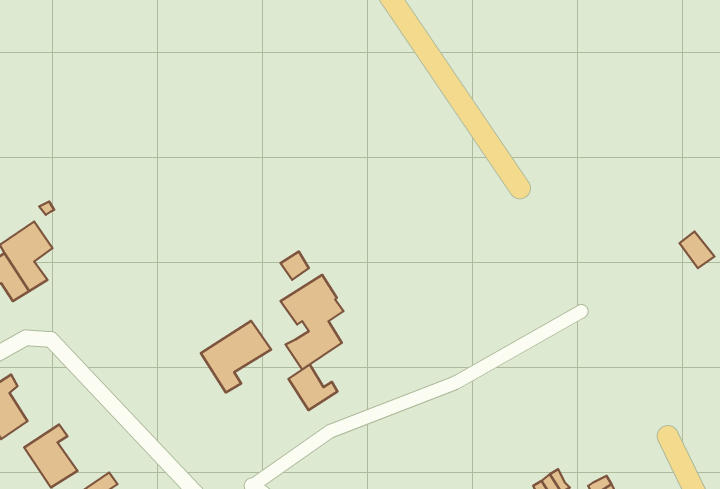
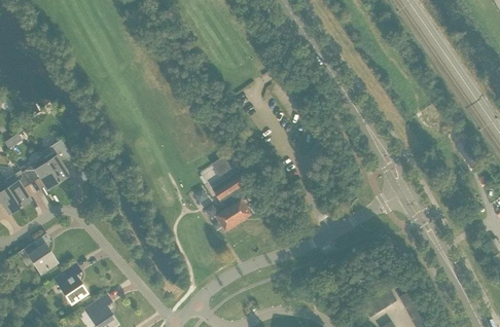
building: [201,321,271,393] -> none
building: [289,364,337,410] -> none

